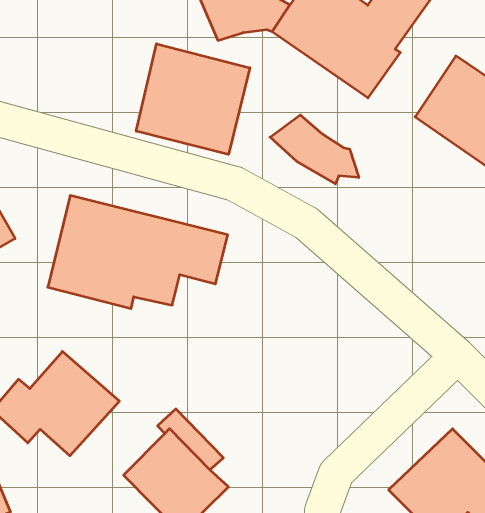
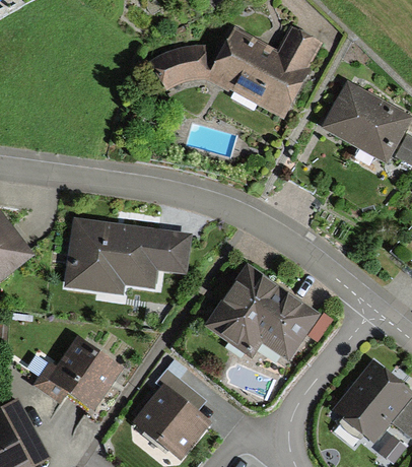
building: [136,44,250,154] -> none
building: [270,115,359,184] -> none
building: none -> [203,264,321,363]

